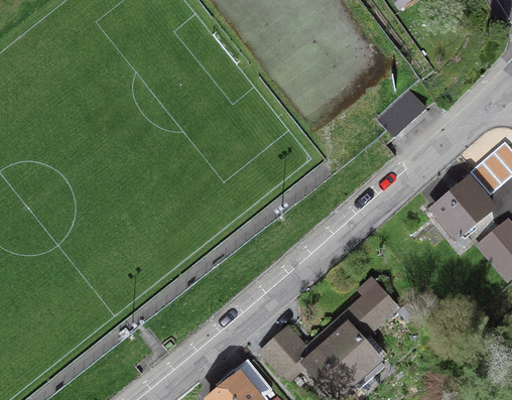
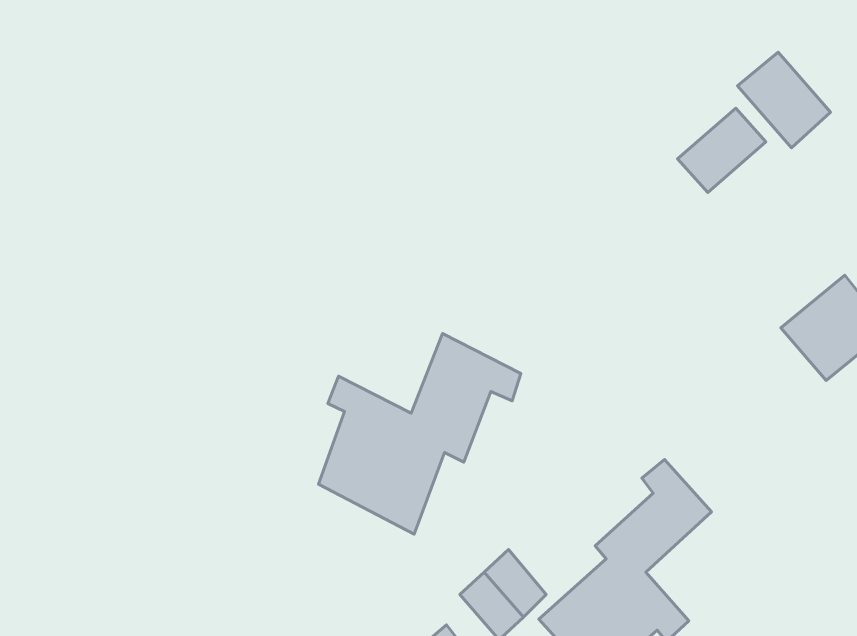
building: none -> [737,52,831,148]
building: none -> [318,333,521,534]

